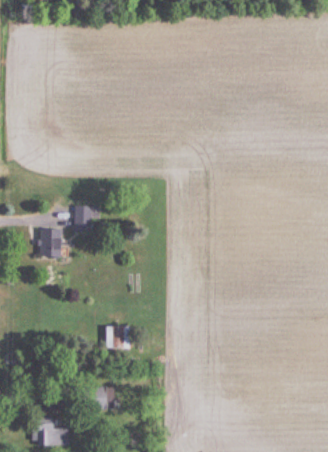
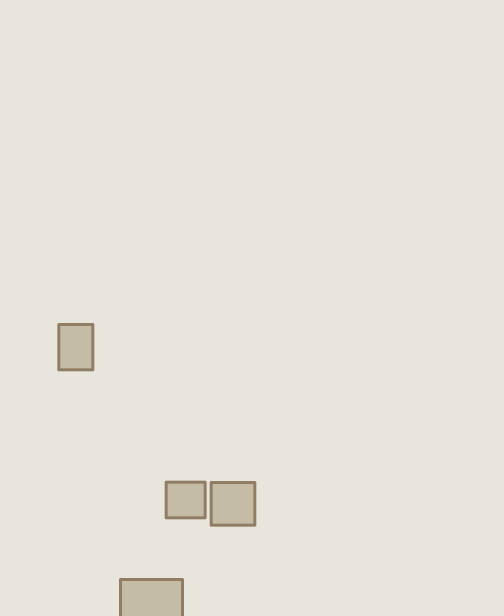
building: [76,204,102,231] -> none
building: none -> [211,482,255,525]

